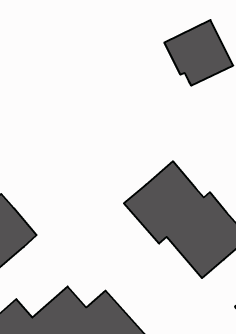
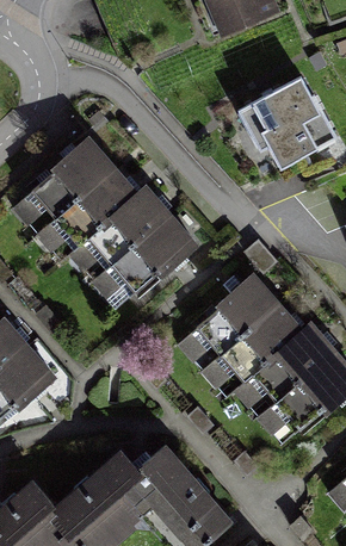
building: none -> [21,143,193,299]

